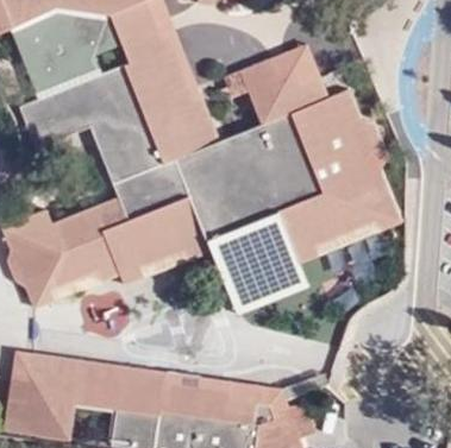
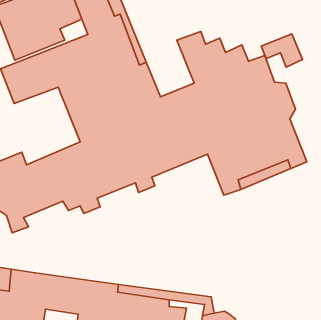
building: [268,44,319,86] -> [261,34,302,67]
building: [207,212,306,315] -> none

